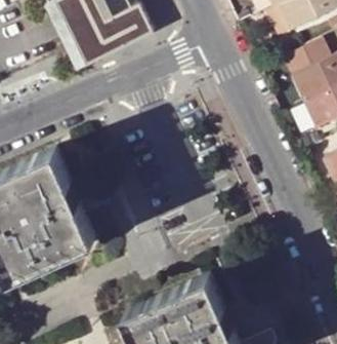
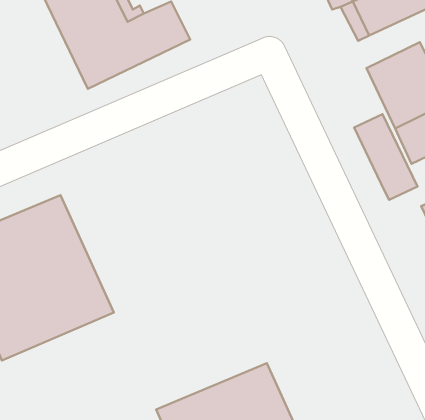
building: none -> [354,114,417,200]

